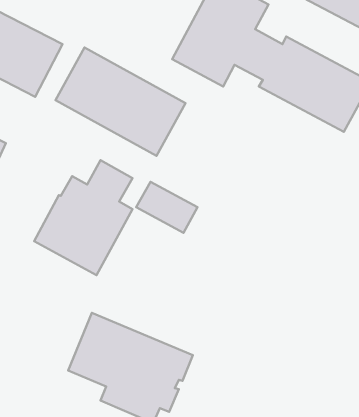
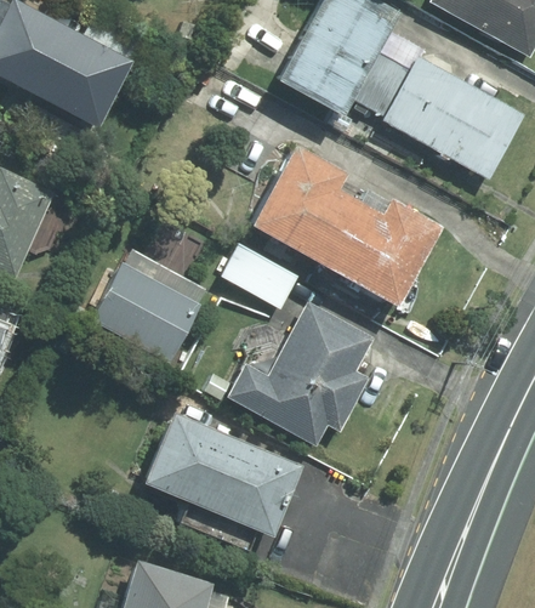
building: [55,47,185,156] -> none
building: none -> [244,144,438,308]
building: none -> [211,299,379,445]

